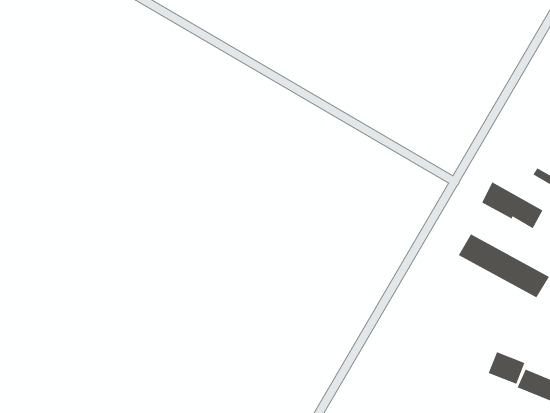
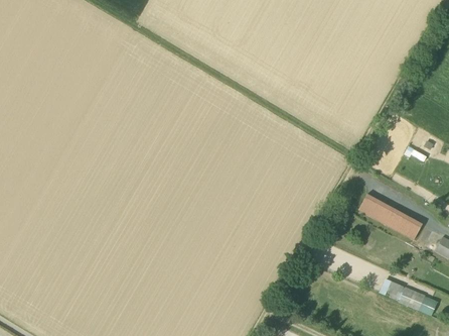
building: [482,182,543,229] -> none

